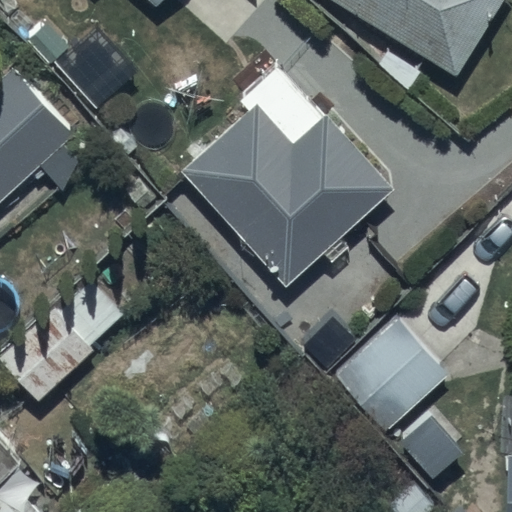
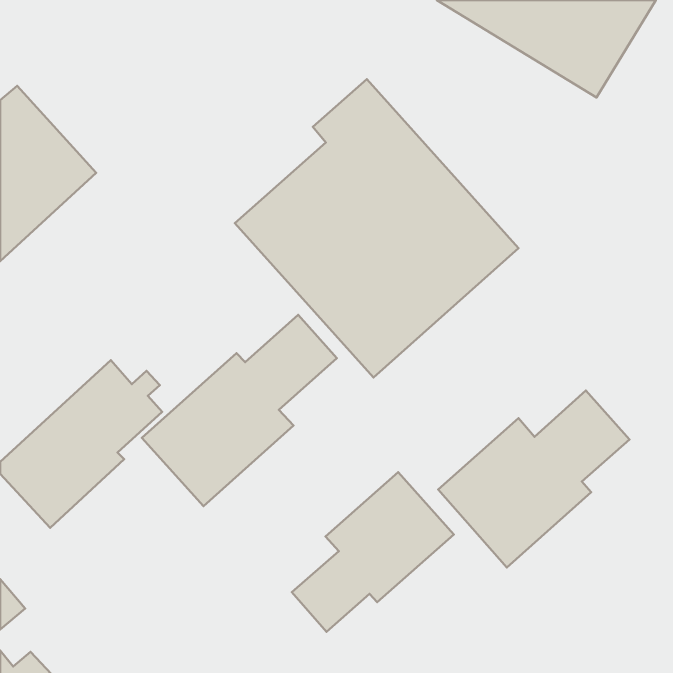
building: none -> [142,315,337,506]
building: none -> [292,472,454,632]

